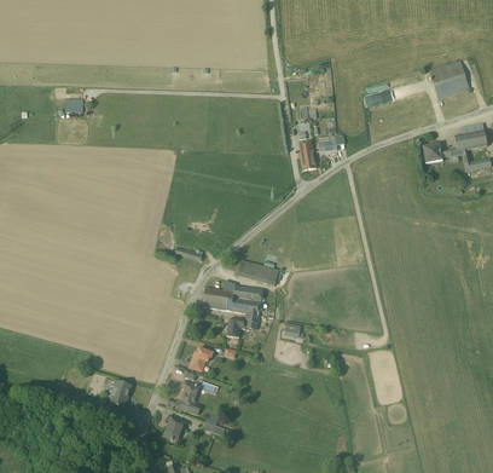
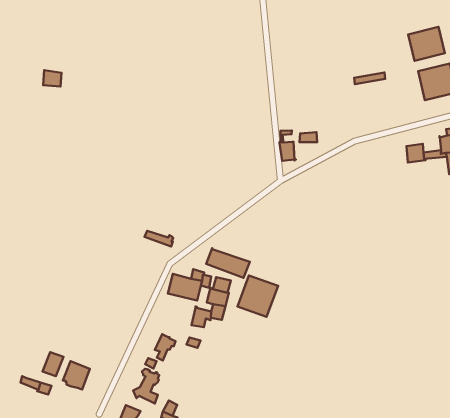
building: none -> [408,27,445,61]
building: none -> [237,275,278,317]

